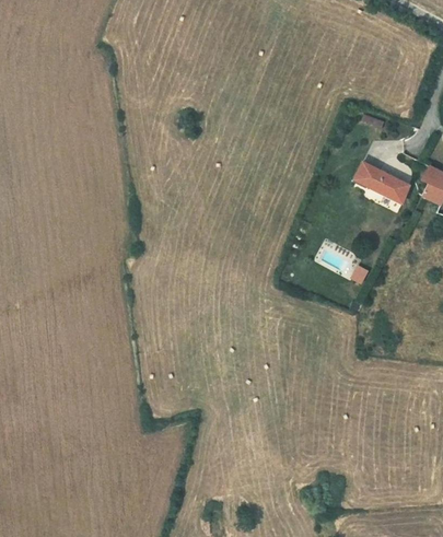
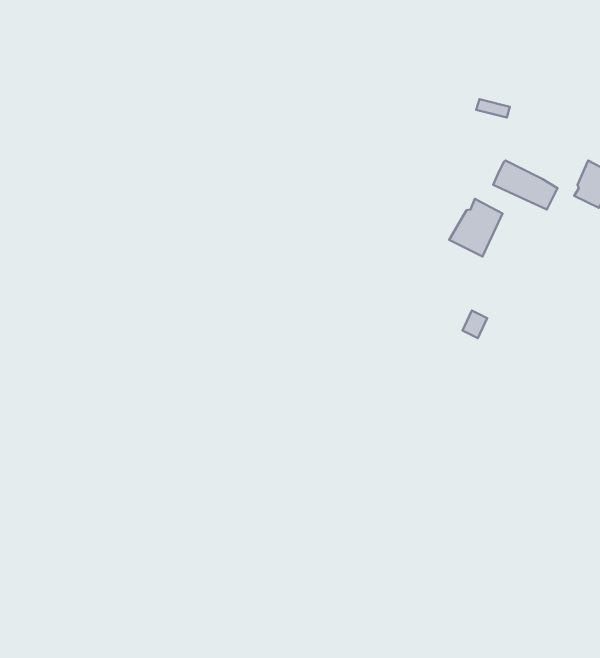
building: none -> [449,199,503,257]

